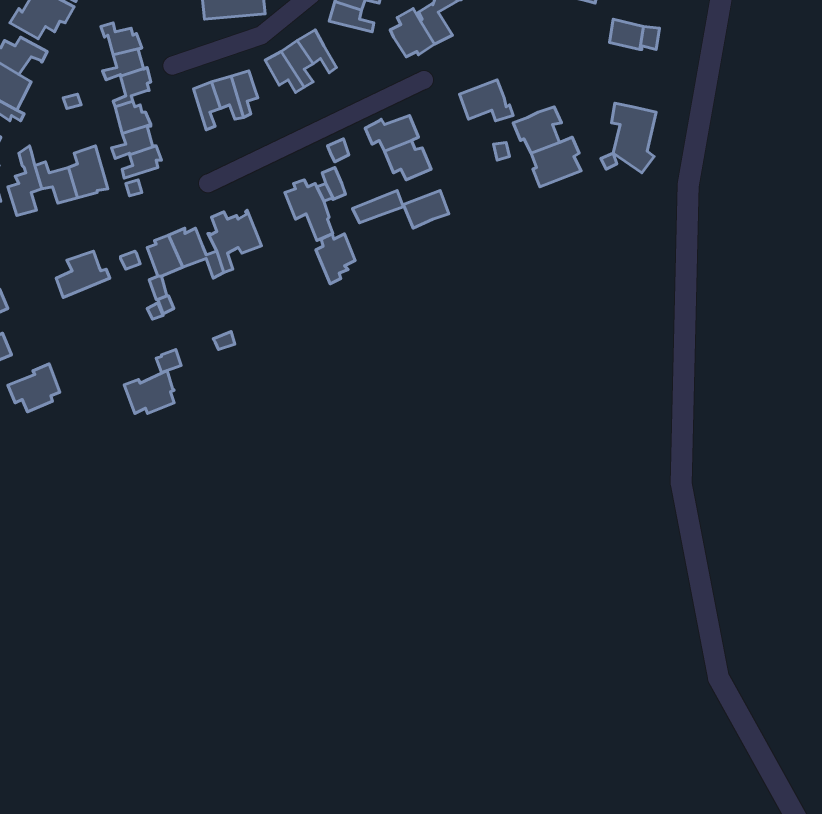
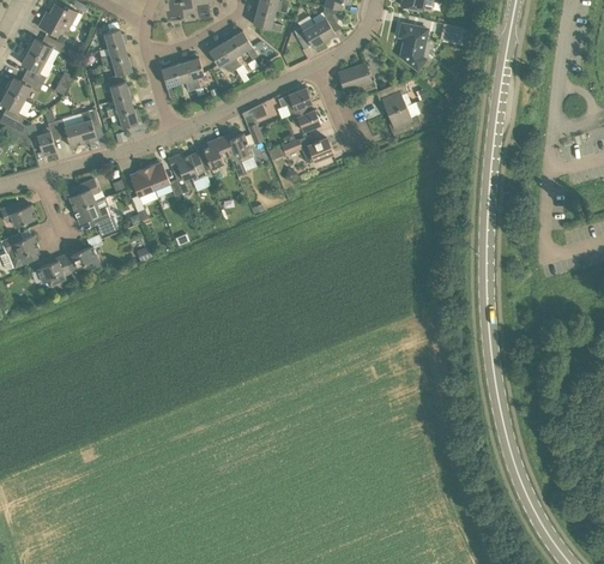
building: [611,103,656,173] -> [398,23,428,70]
building: [316,234,355,284] -> [203,139,229,173]
building: none -> [73,197,110,227]
building: [124,371,174,413] -> [64,245,97,274]

